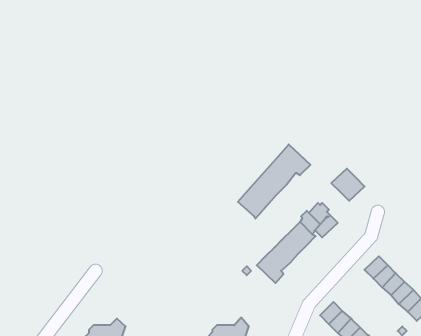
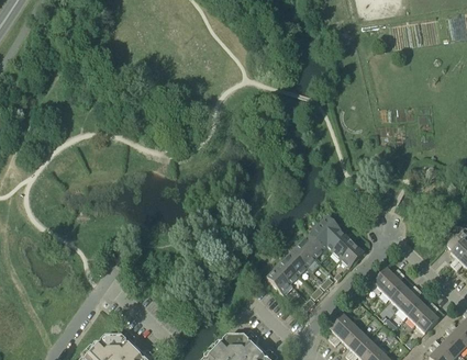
building: [238,144,310,219] -> none
building: [331,169,365,201] -> [331,235,364,267]

